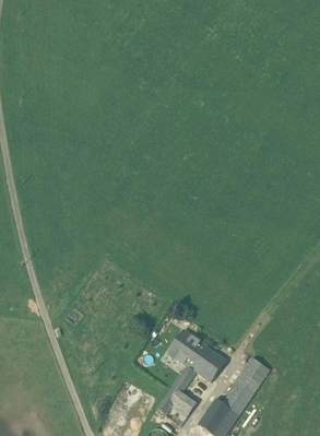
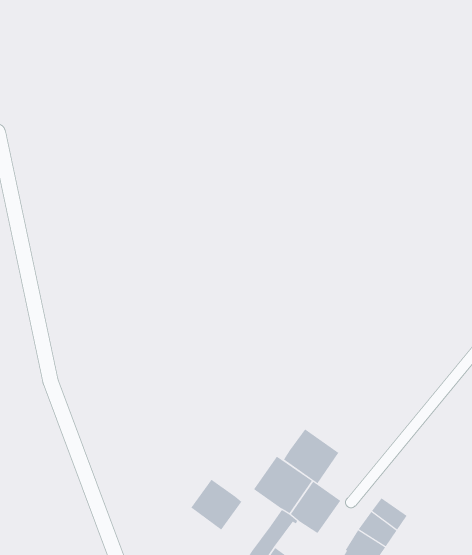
building: none -> [283,429,339,484]
building: none -> [191,479,242,531]

